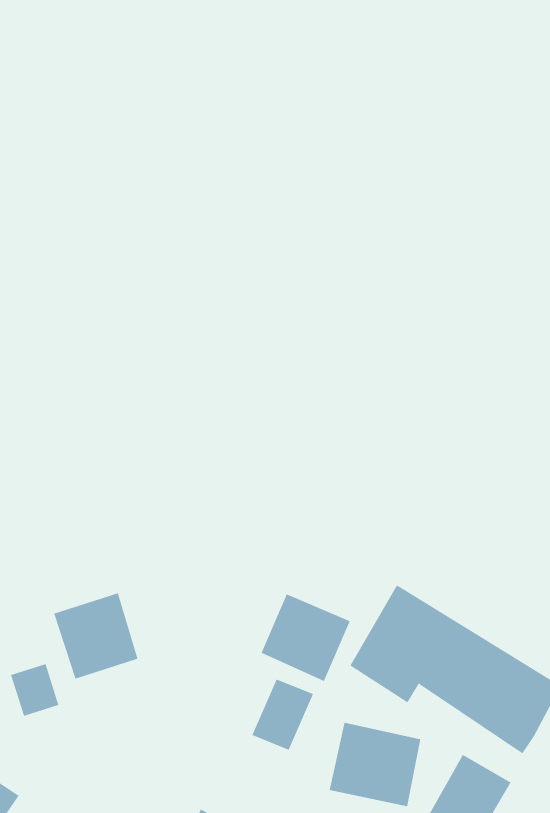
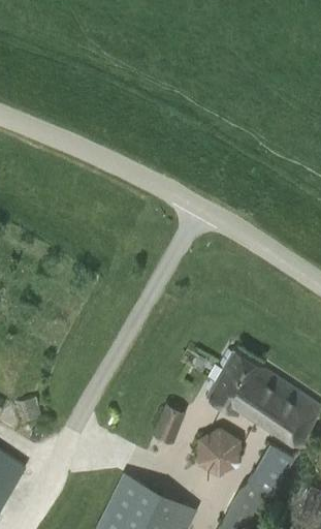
building: [54,593,138,680] -> none
building: [261,593,351,682] -> none

